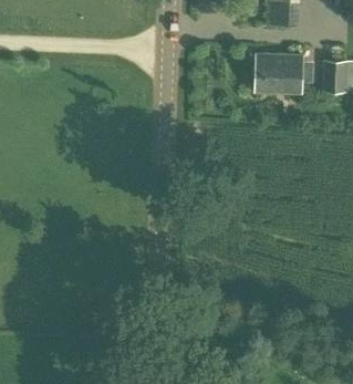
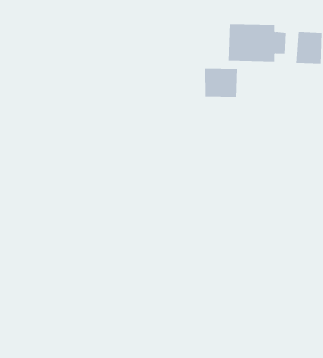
building: none -> [204,68,238,98]

